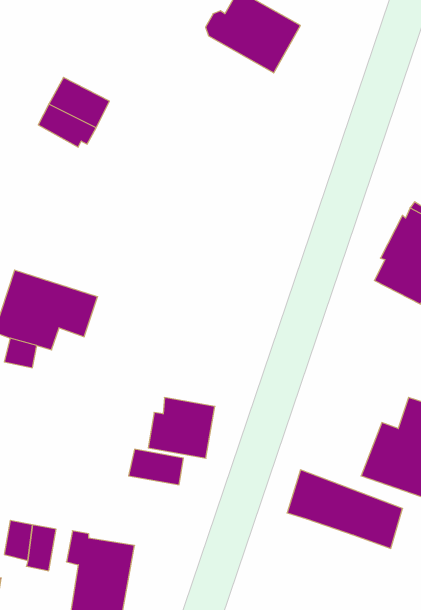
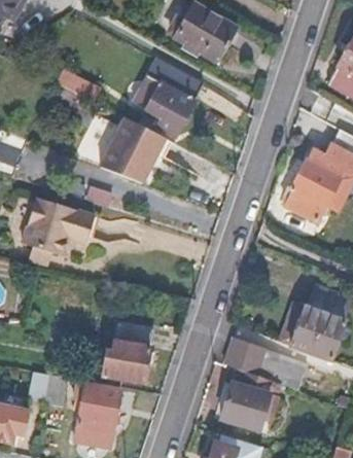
building: none -> [131,57,203,135]
building: none -> [104,116,169,183]
building: [148,398,215,458] -> [104,341,150,383]
building: none -> [221,371,272,428]

